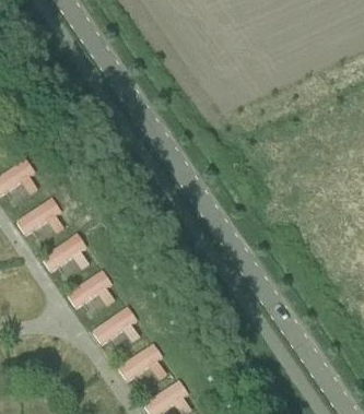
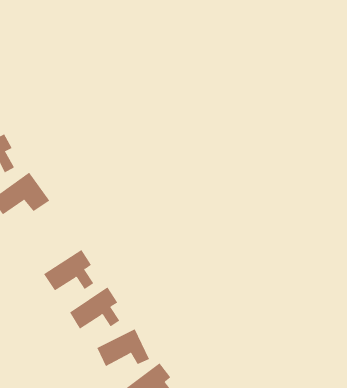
building: [40,234,94,273] -> none

